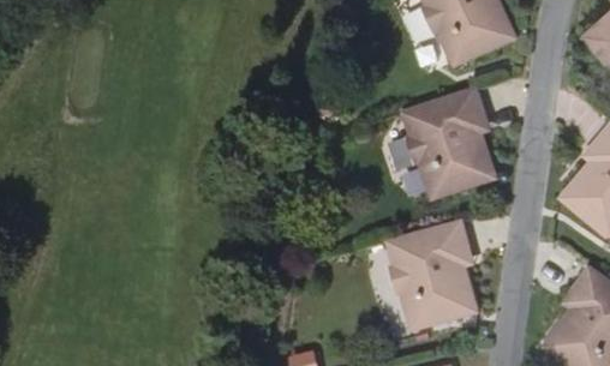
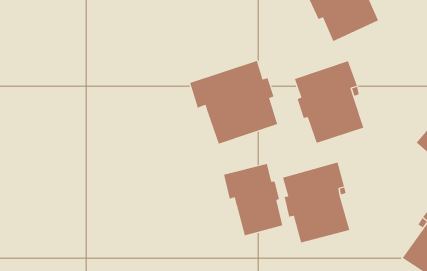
building: none -> [189,60,278,145]
building: none -> [223,163,283,236]

